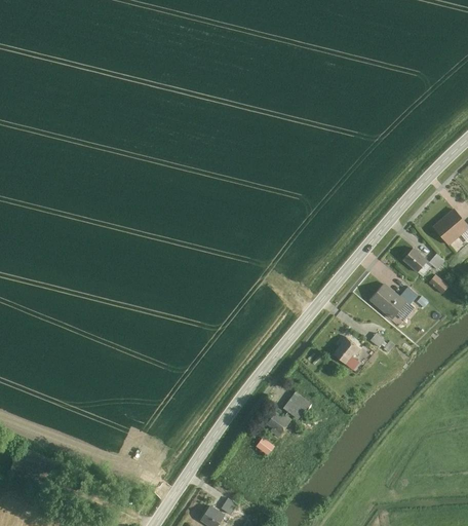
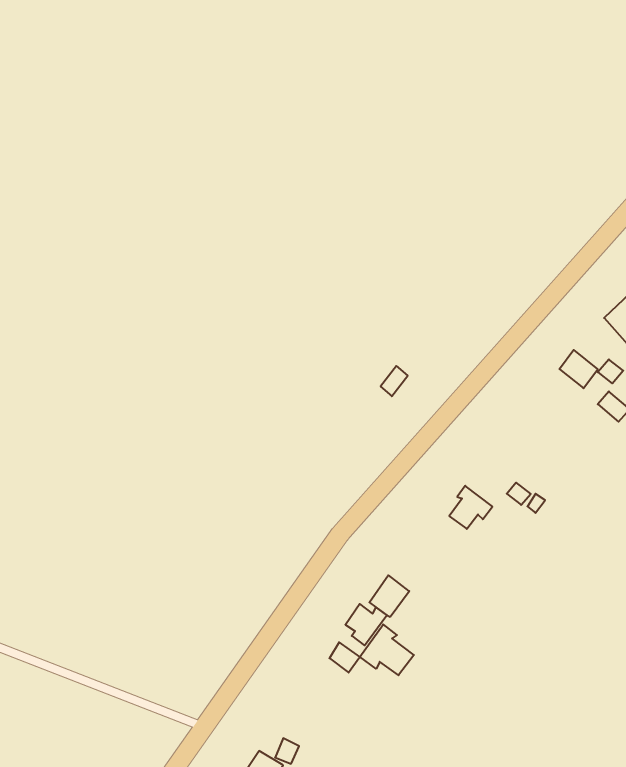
building: [368,283,405,318] -> none
building: none -> [360,624,414,675]

